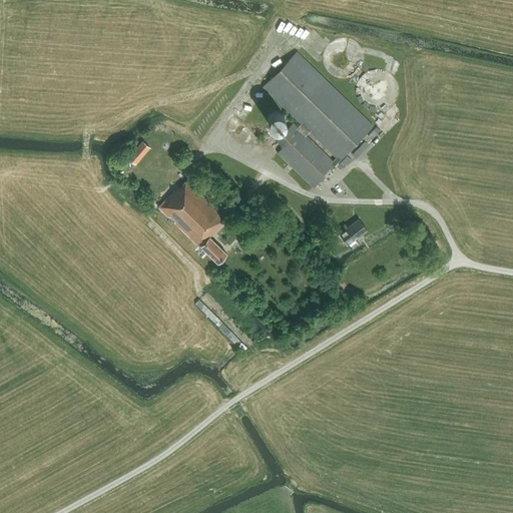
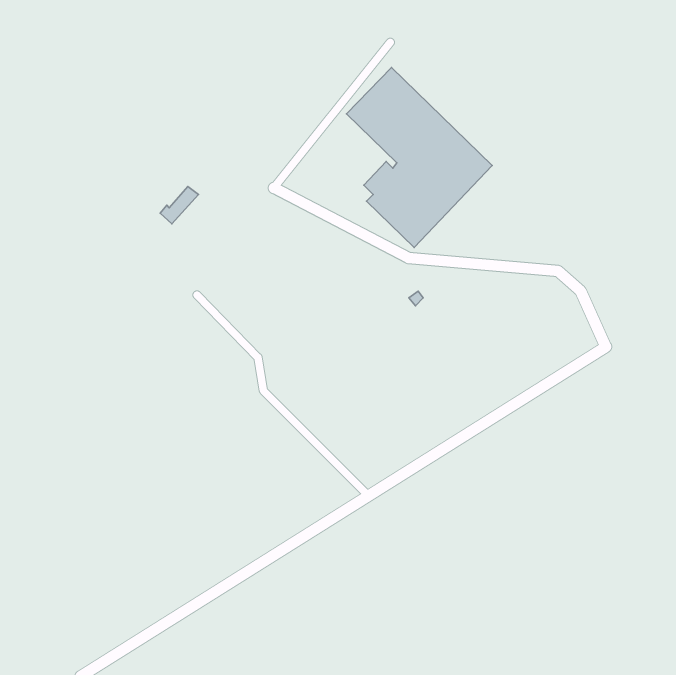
building: [158,181,226,264] -> none
building: [338,219,367,245] -> none

